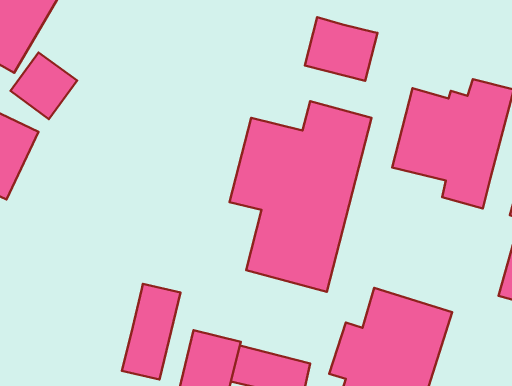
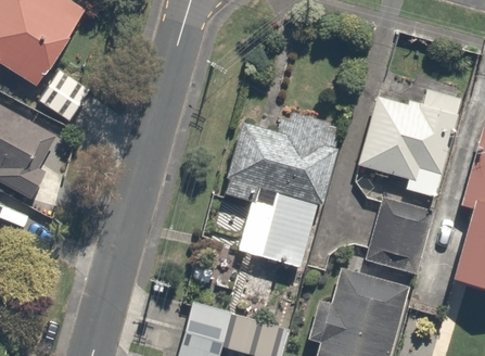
building: [305,17,377,81] -> none
building: none -> [365,196,434,275]
building: [122,284,180,380] -> none

